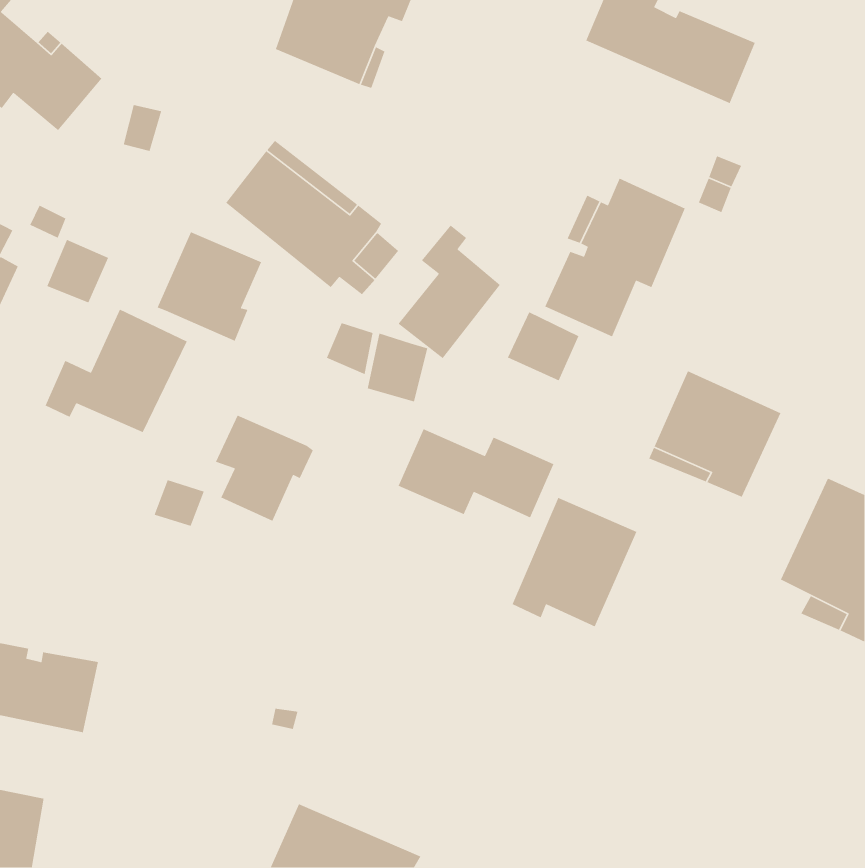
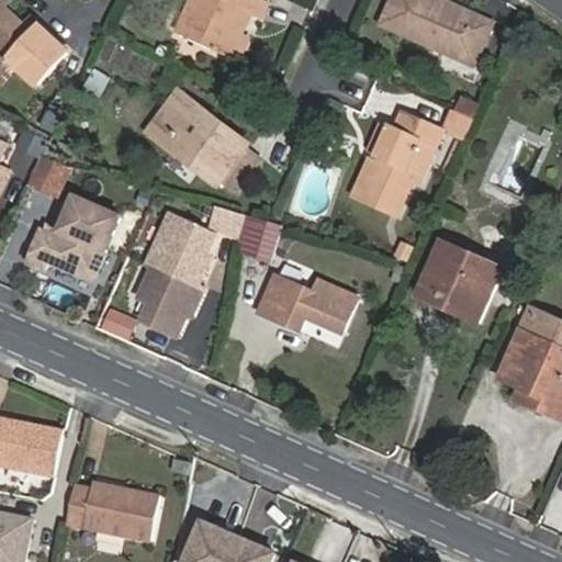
building: [398,224,501,359] -> none
building: [157,231,262,342] -> [147,215,215,286]
building: [507,311,580,382] -> none
building: [511,497,638,627] -> none
building: none -> [67,476,161,536]

